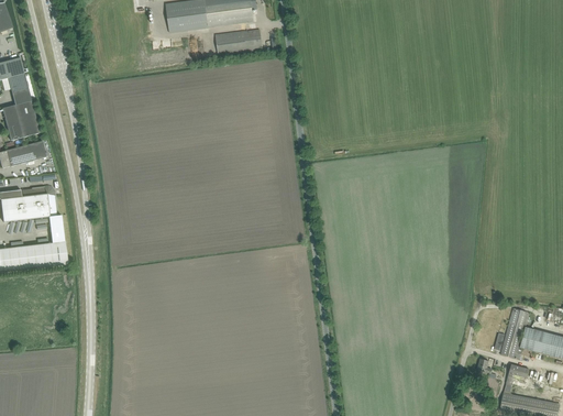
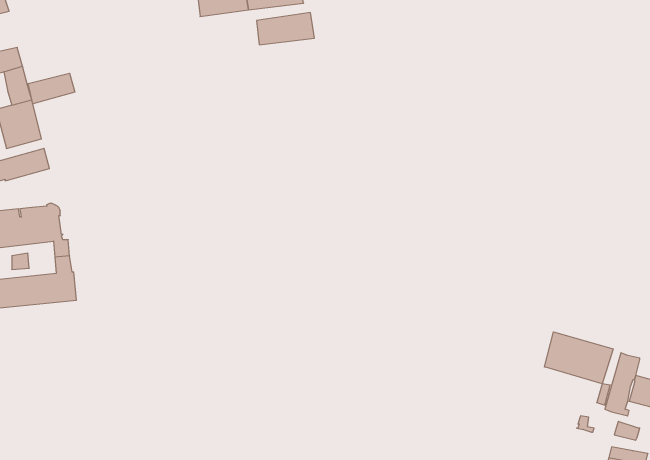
building: none -> [28,73,75,104]
building: none -> [544,332,613,384]

